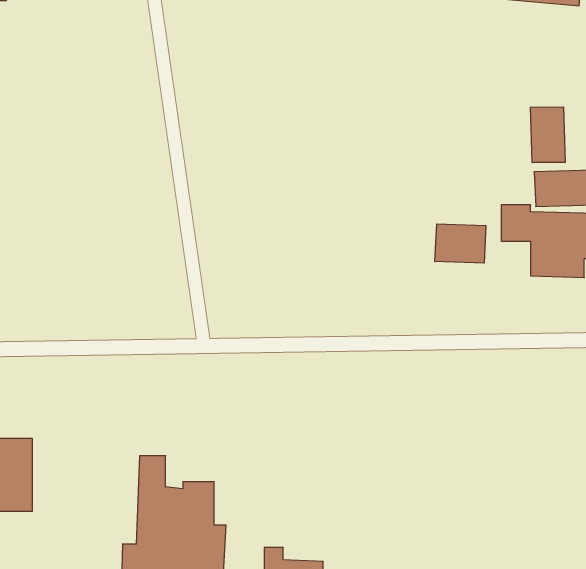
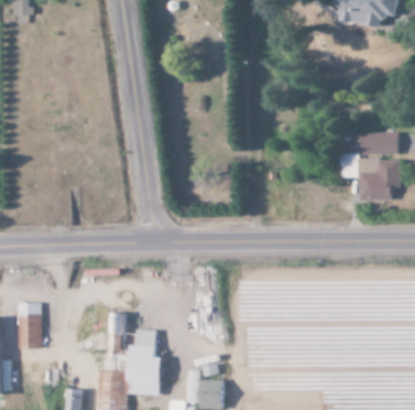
building: [530,107,565,163] -> none
building: [435,224,486,263] -> none

